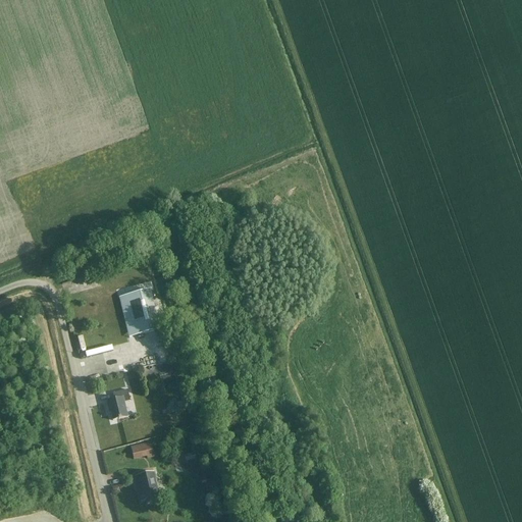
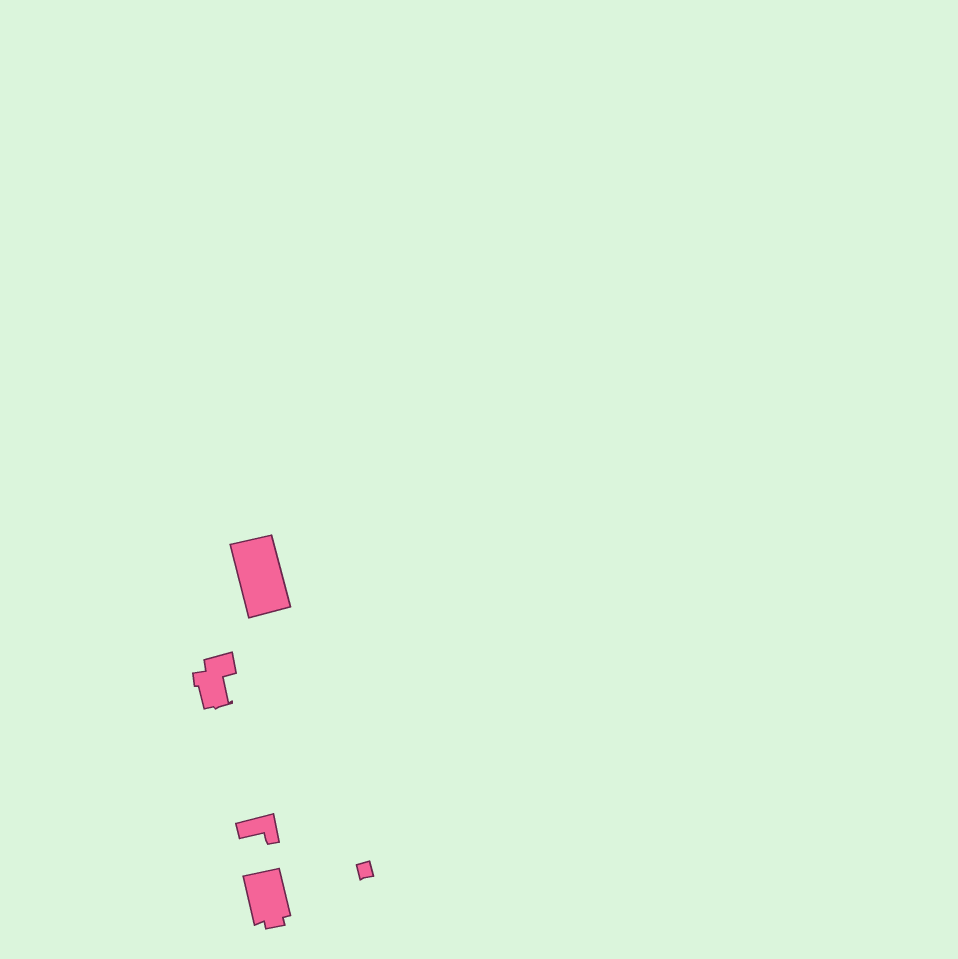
building: [104,388,127,419] -> [193,652,236,709]

